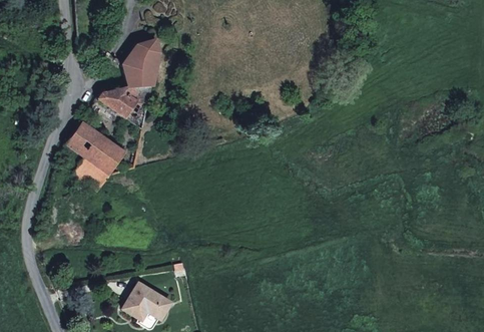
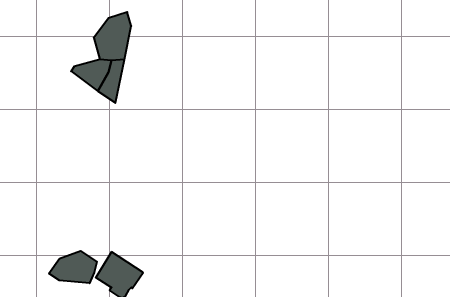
building: [65,113,125,190] -> none
building: none -> [49,251,97,283]

